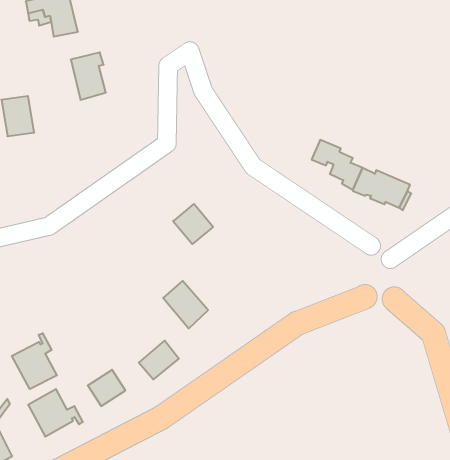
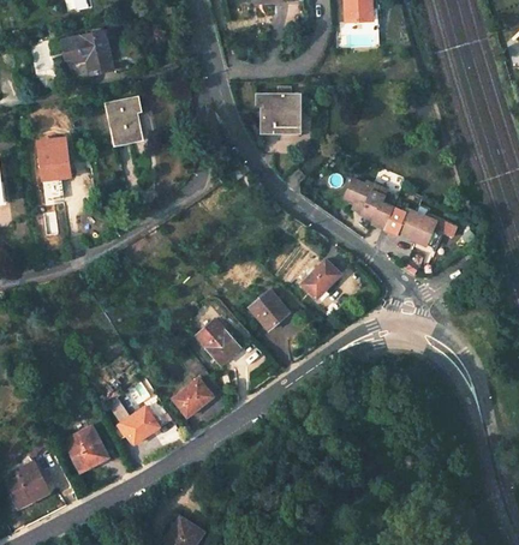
building: none -> [258,95,299,132]
building: [173,204,213,244] -> [250,289,290,329]
building: none -> [303,258,341,298]
building: [12,333,57,389] -> none

